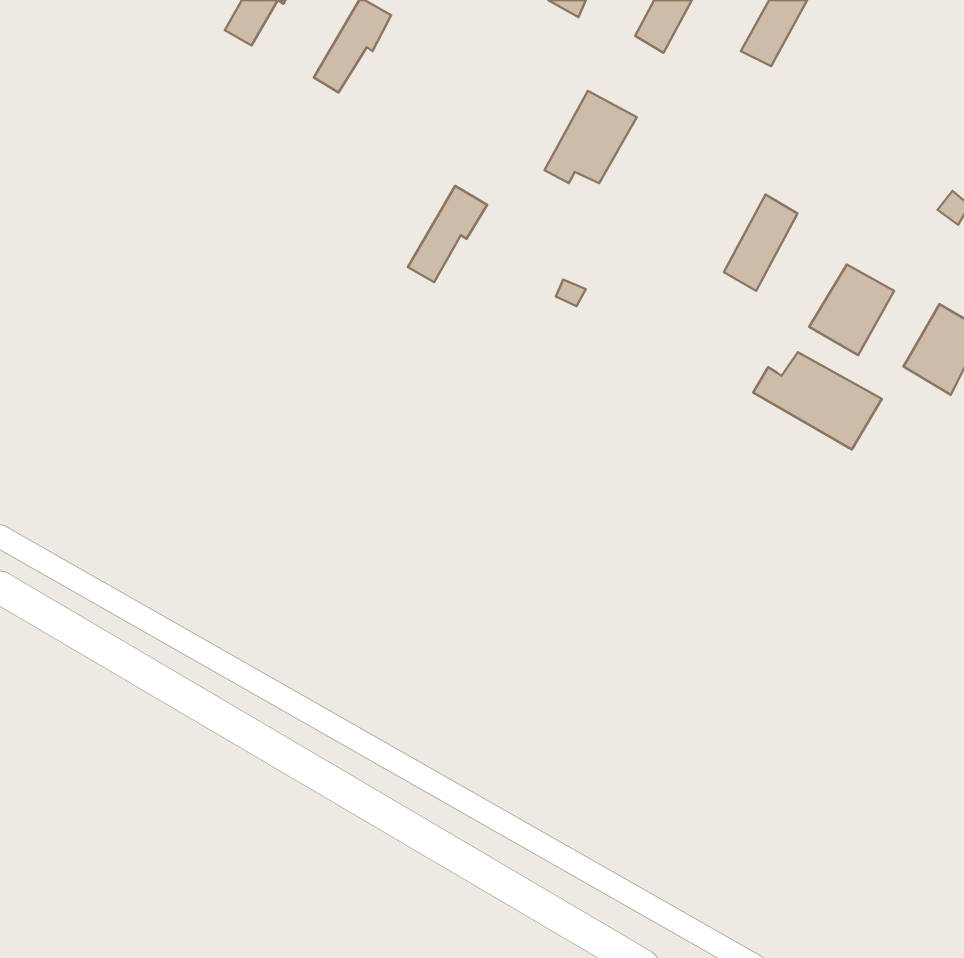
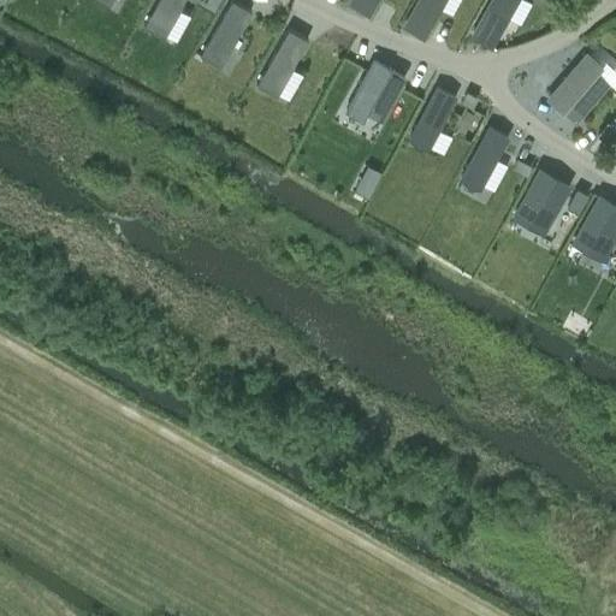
building: none -> [550,57,608,124]
building: none -> [409,89,456,149]
building: [408,186,487,282] -> [257,31,308,93]
building: [753,352,882,450] -> none

